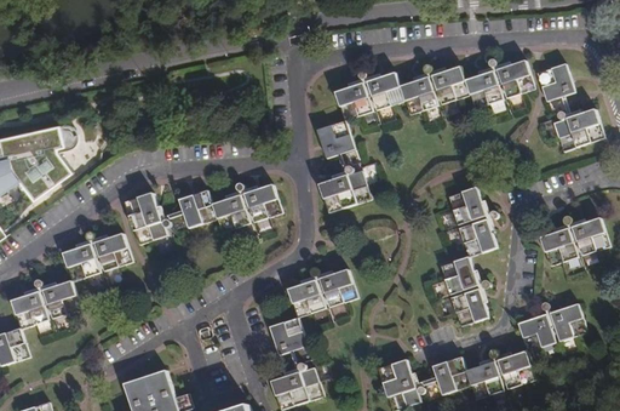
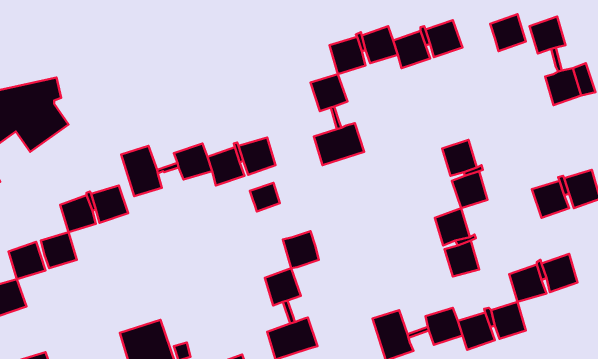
building: [465,69,503,107] -> none
building: none -> [250,183,280,212]
building: [320,268,356,306] -> none

